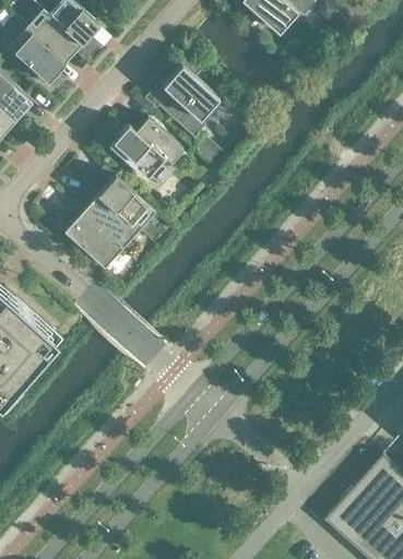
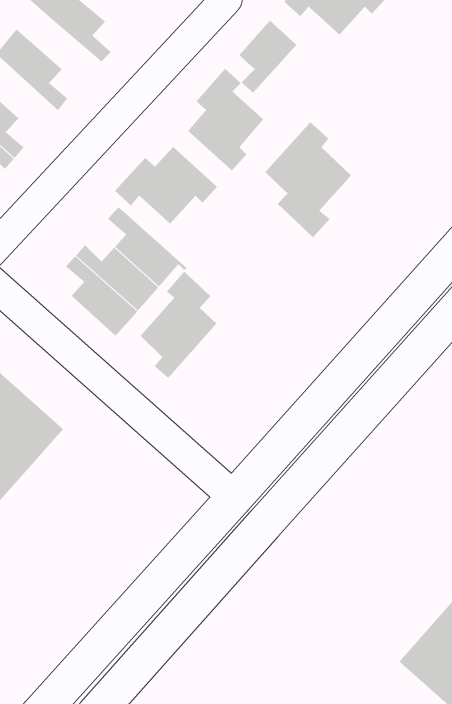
building: [26,15,93,62] -> none
building: none -> [239,20,297,94]
building: none -> [264,121,352,238]
building: none -> [140,271,217,379]

